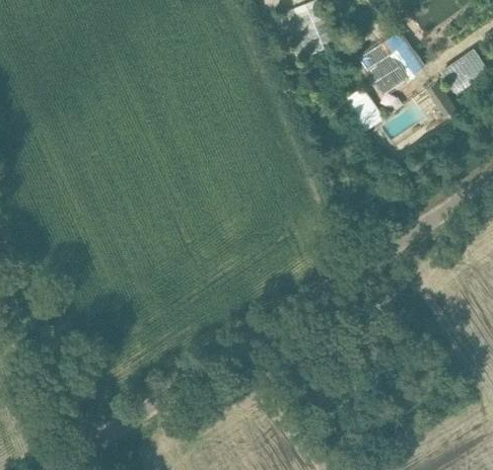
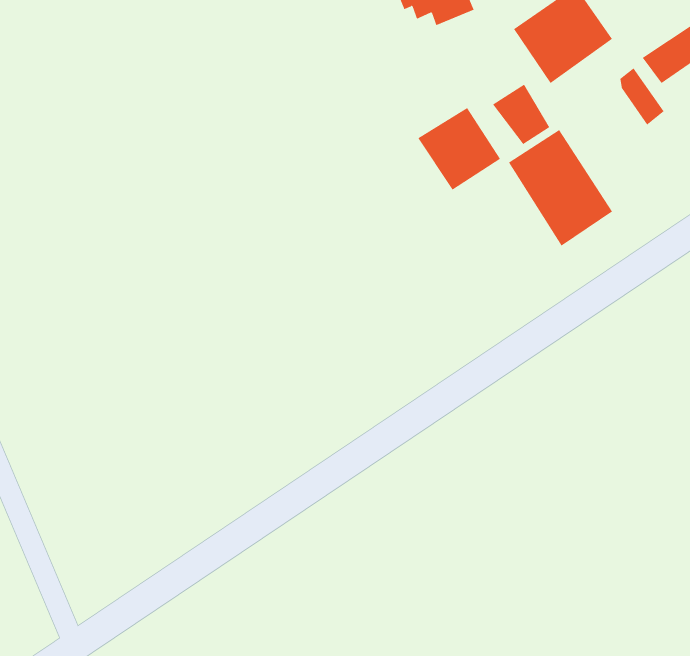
building: none -> [418,107,501,191]
building: none -> [508,129,613,246]

